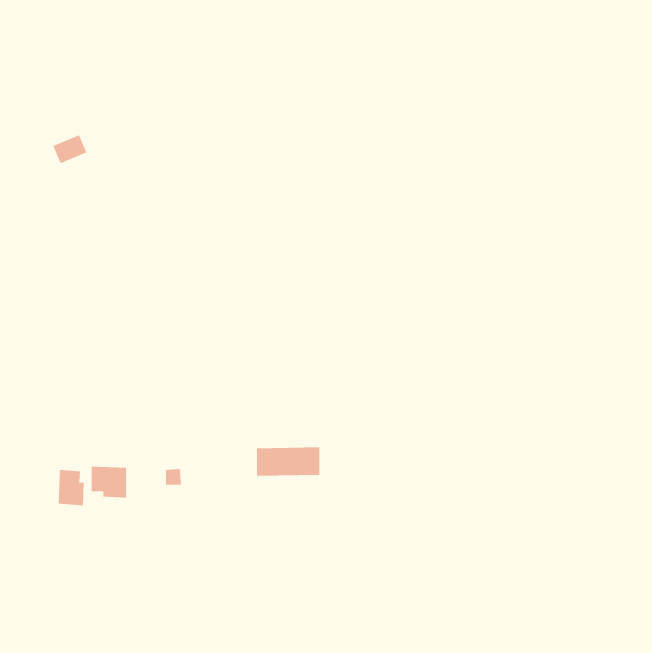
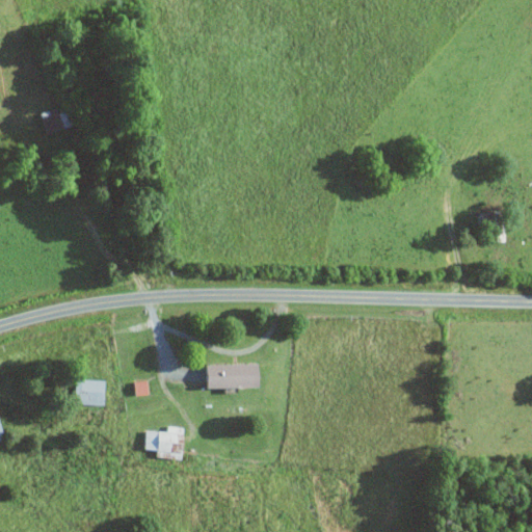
building: [58,469,84,506] -> none
building: none -> [144,426,184,457]

